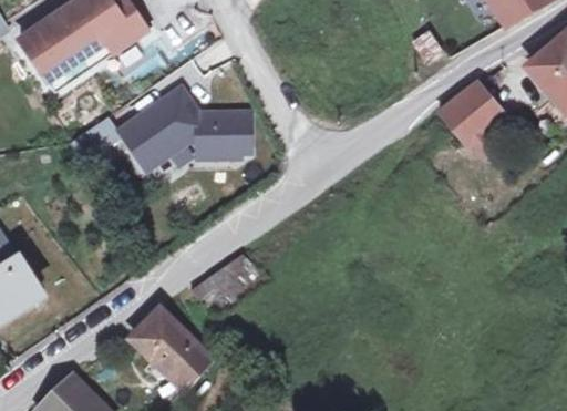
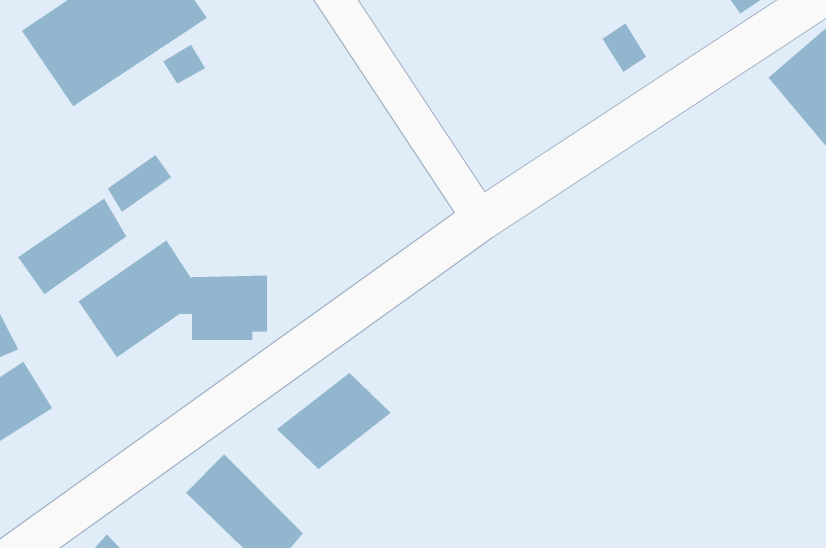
building: [440,78,505,155] -> none
building: [123,84,252,165] -> [77,240,268,358]
building: none -> [17,198,127,295]

